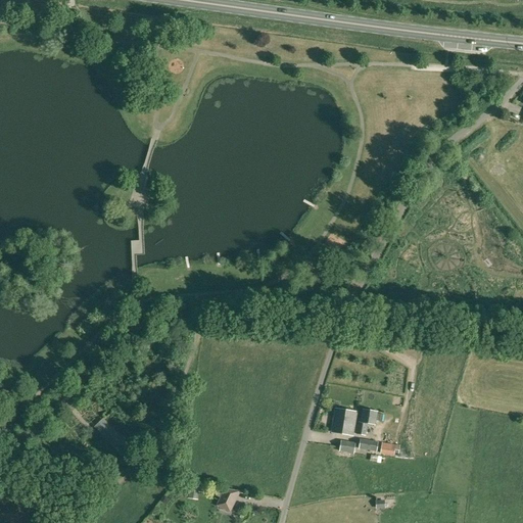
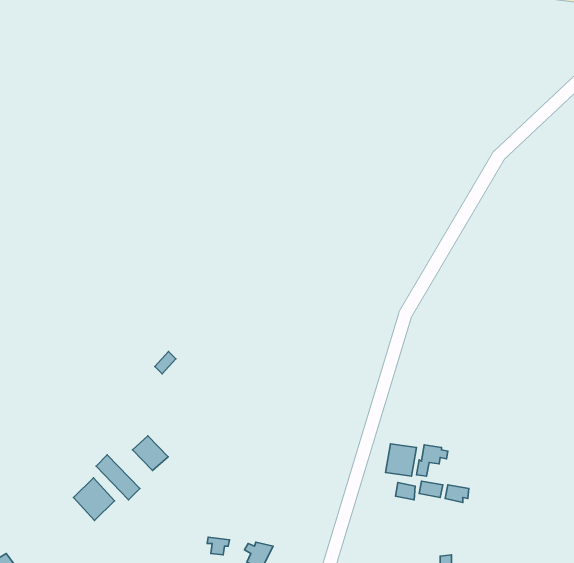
building: none -> [132,436,168,471]
building: none -> [73,478,115,520]

